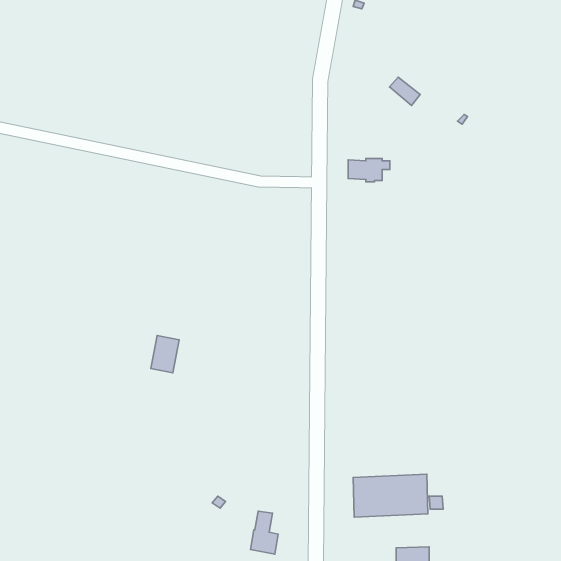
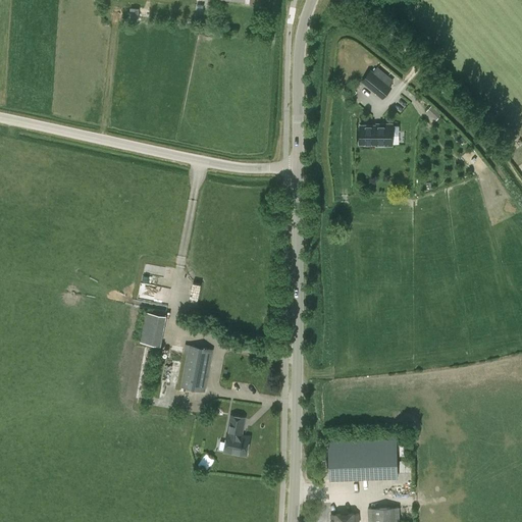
building: [348,159,390,182] -> [359,125,398,147]
building: none -> [180,345,211,392]
building: [251,511,278,554] -> [223,416,249,456]

